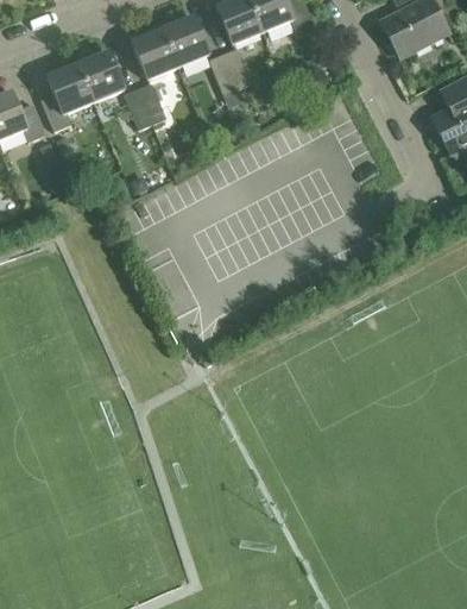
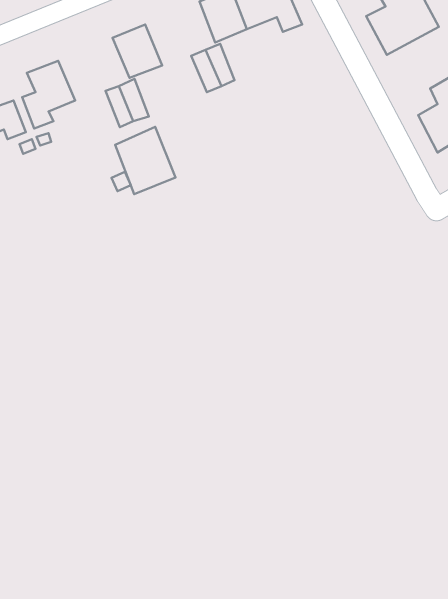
building: [163,13,210,67] -> none
building: [77,49,126,101] -> none
building: none -> [115,127,176,194]

